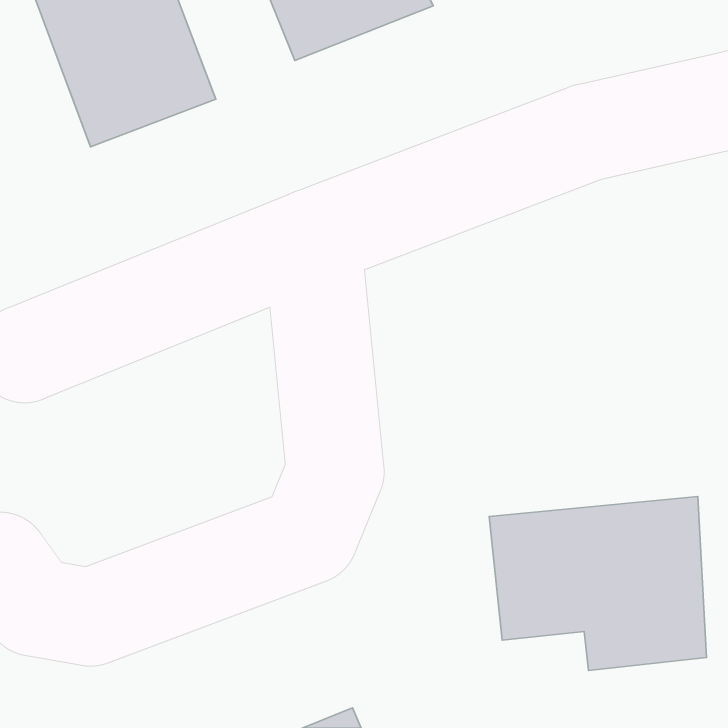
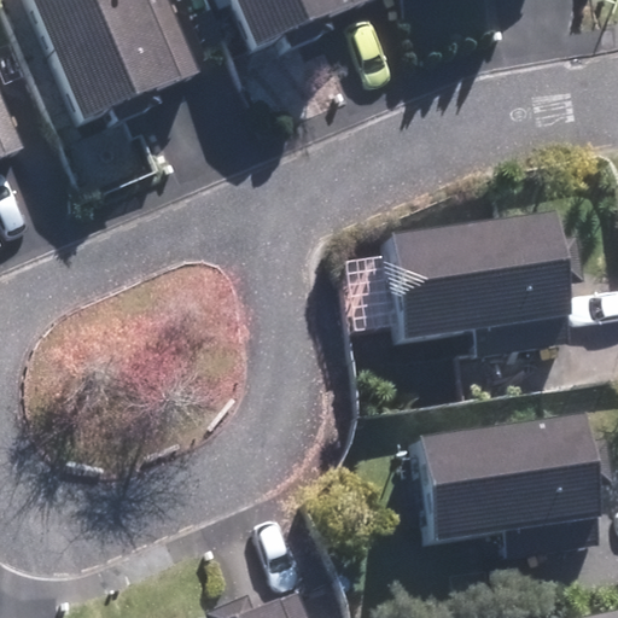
building: none -> [387,205,569,355]

